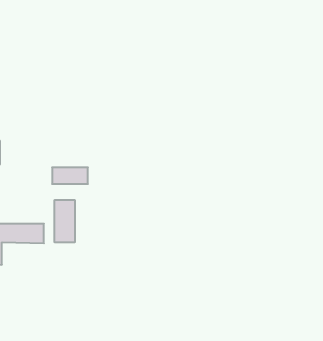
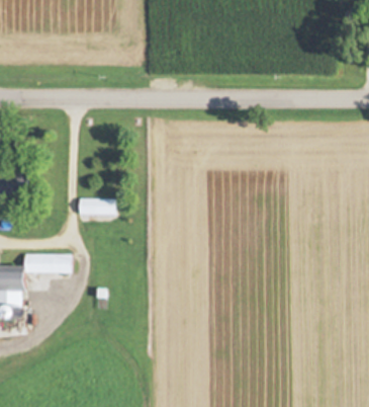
building: [55,200,75,242] -> none

